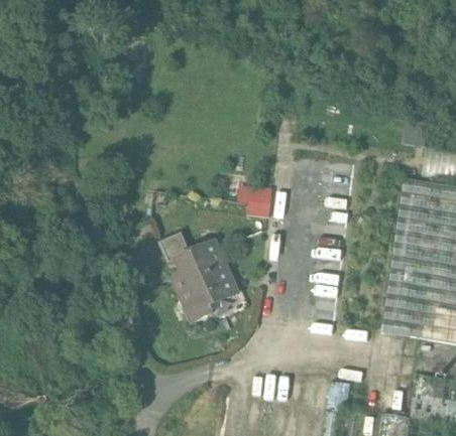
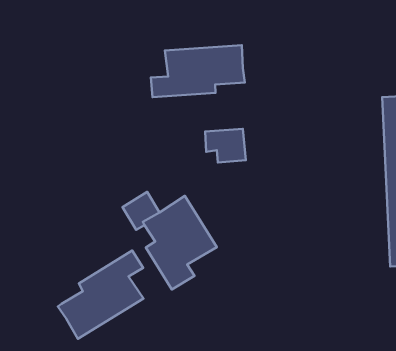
building: none -> [151,45,245,97]
building: none -> [58,250,144,339]

